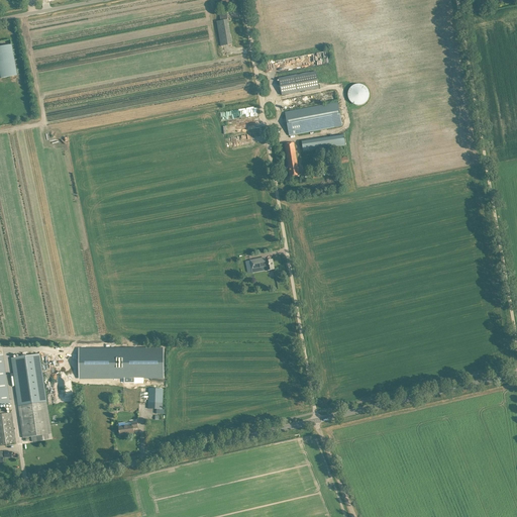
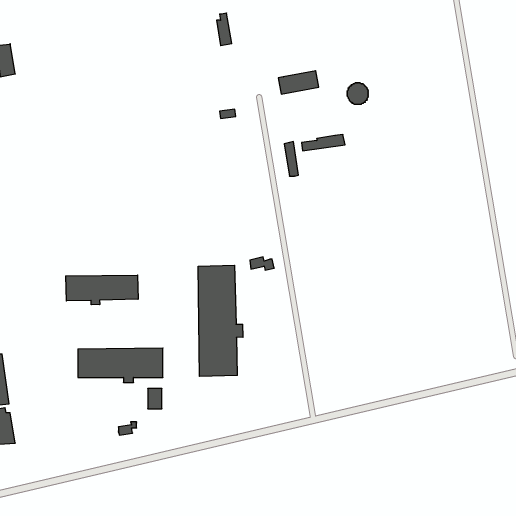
building: [284,102,341,134] -> none
building: none -> [198,265,243,376]
building: none -> [66,275,138,305]
building: [10,353,51,441] -> none

